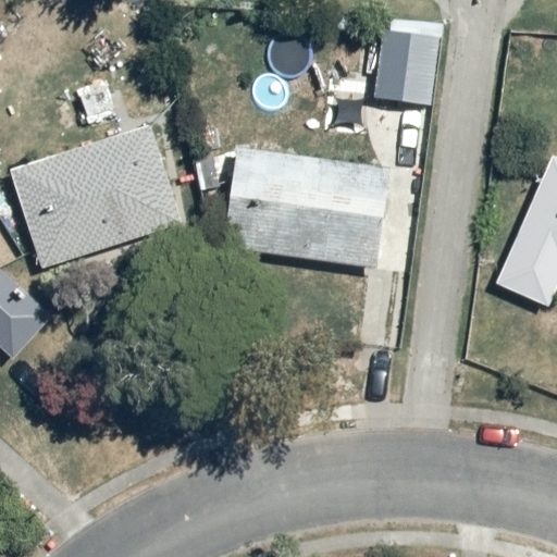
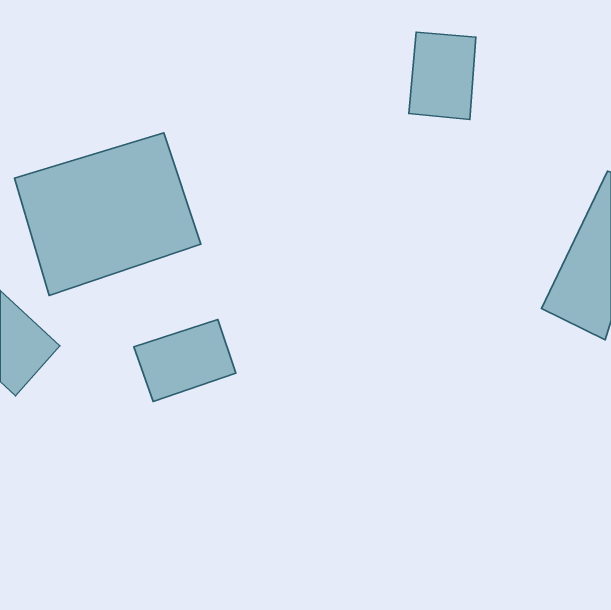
building: [227,147,389,269] -> none
building: none -> [134,319,236,402]

